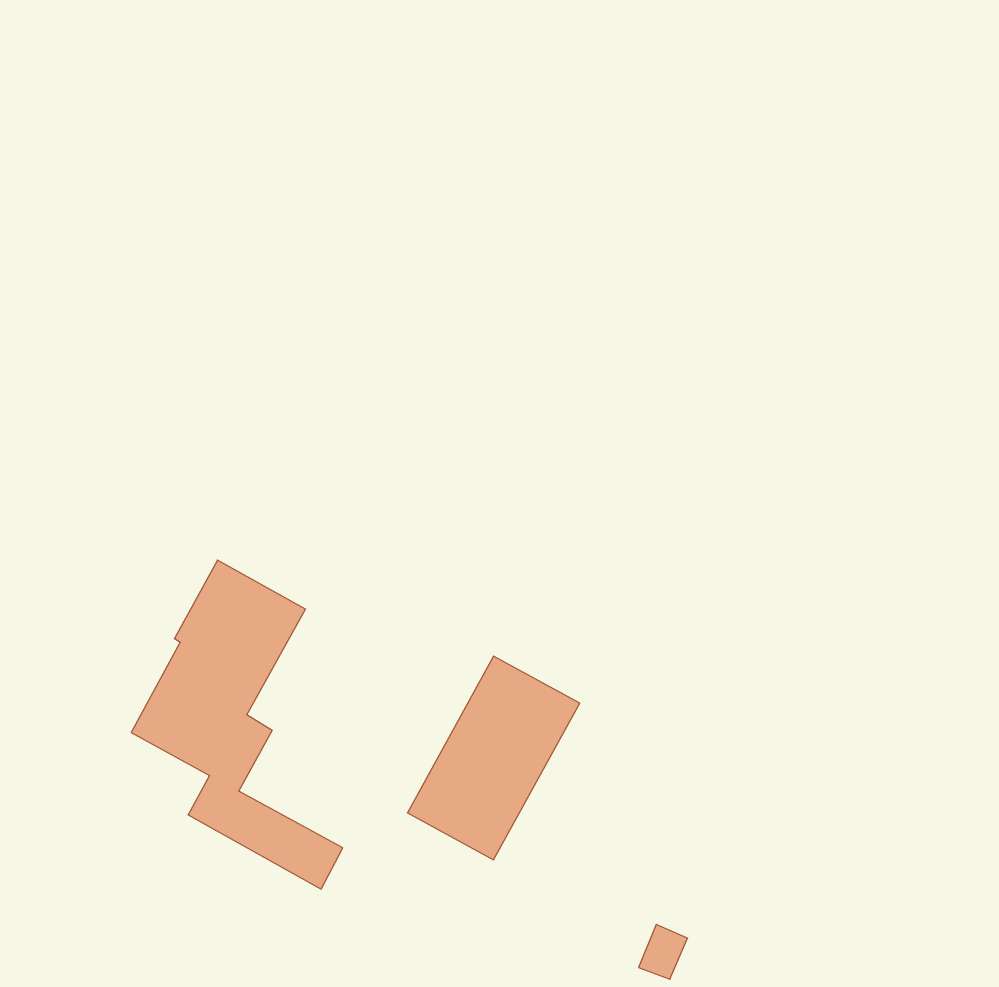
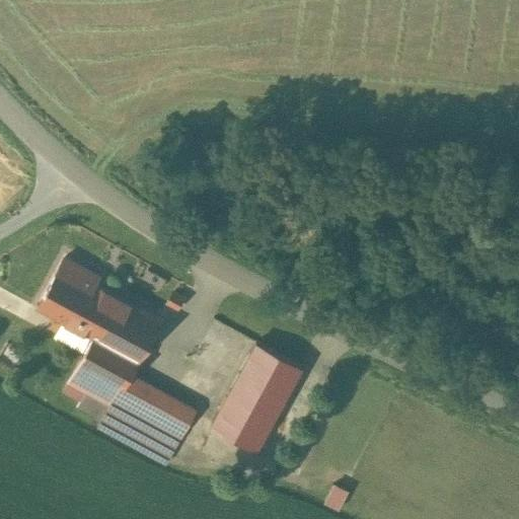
building: none -> [40,262,114,338]
building: none -> [125,385,196,446]

